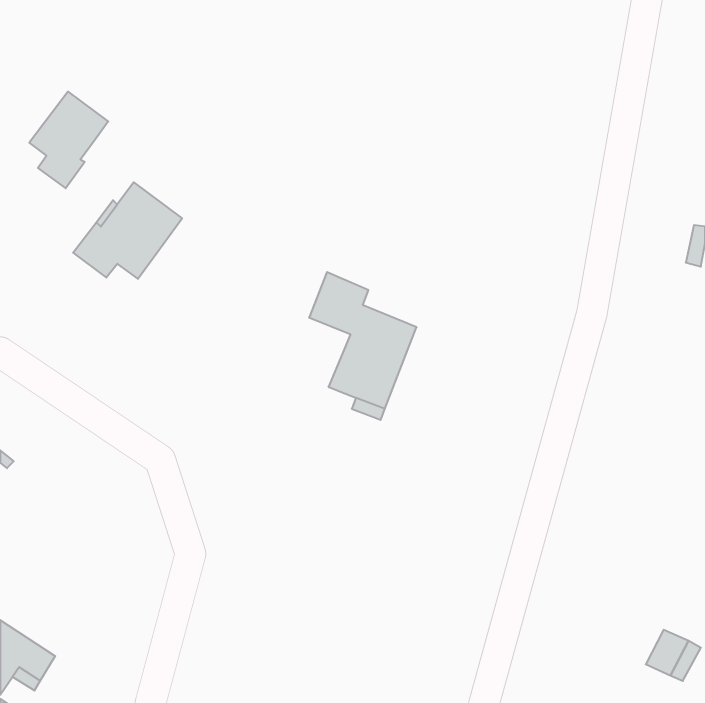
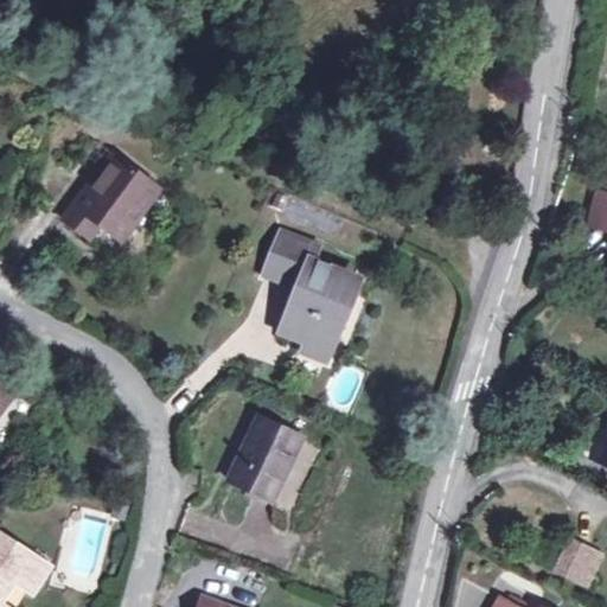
building: [29,92,108,188] -> none
building: none -> [229,408,302,500]

